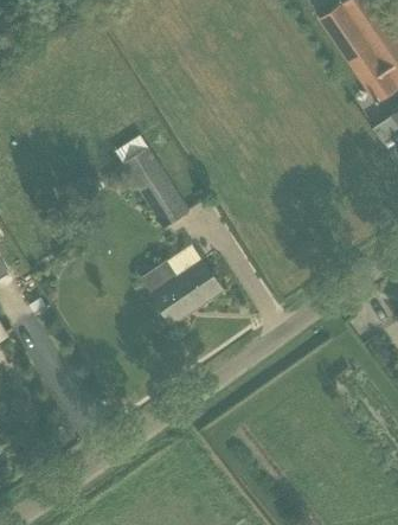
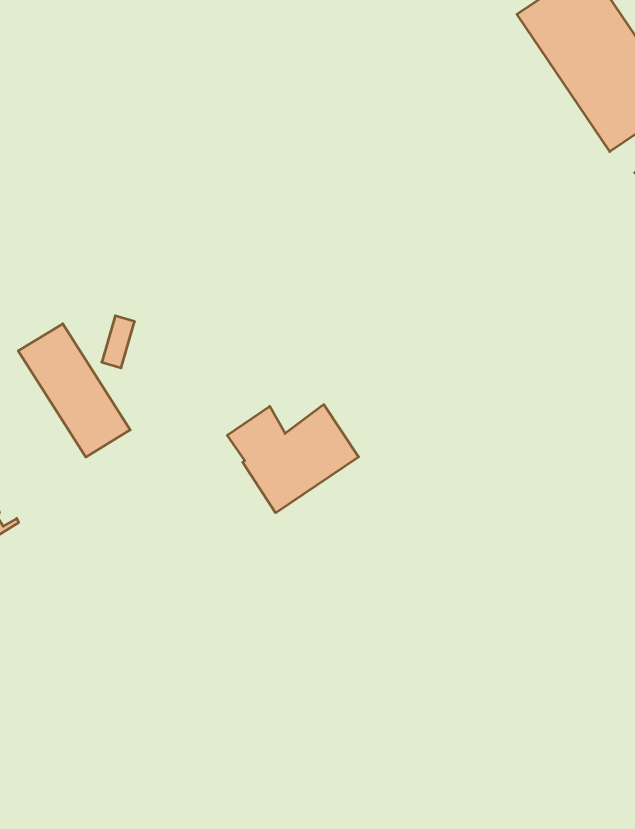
building: [121,147,190,229] -> [18,324,130,457]

